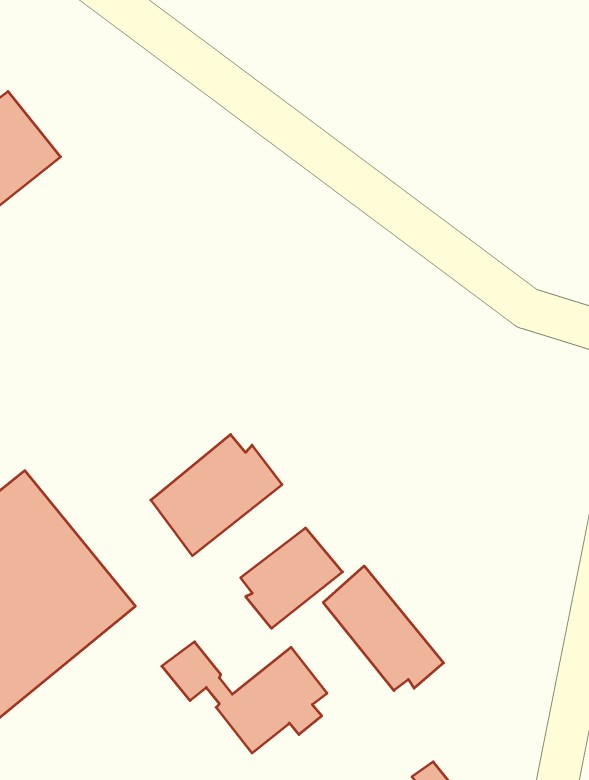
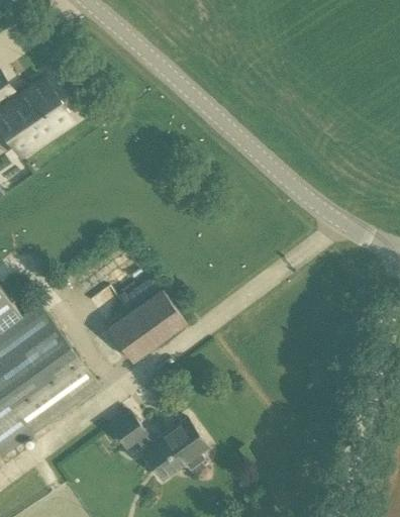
building: [241,528,343,628] -> none
building: [323,566,444,691] -> none

